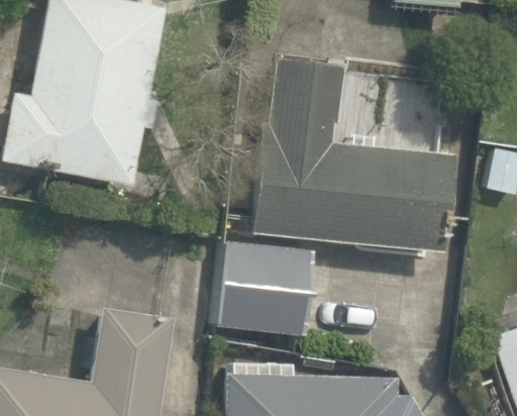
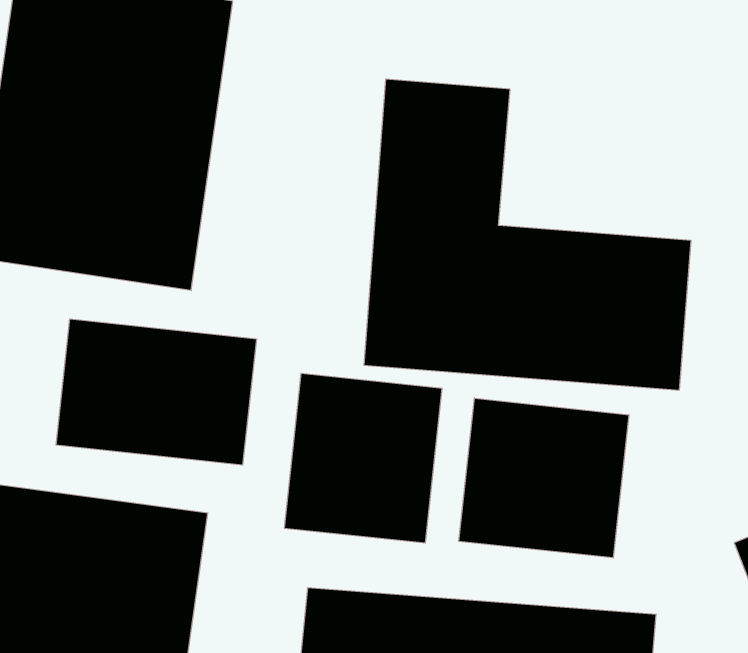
building: none -> [56,319,256,465]
building: none -> [459,398,629,558]

